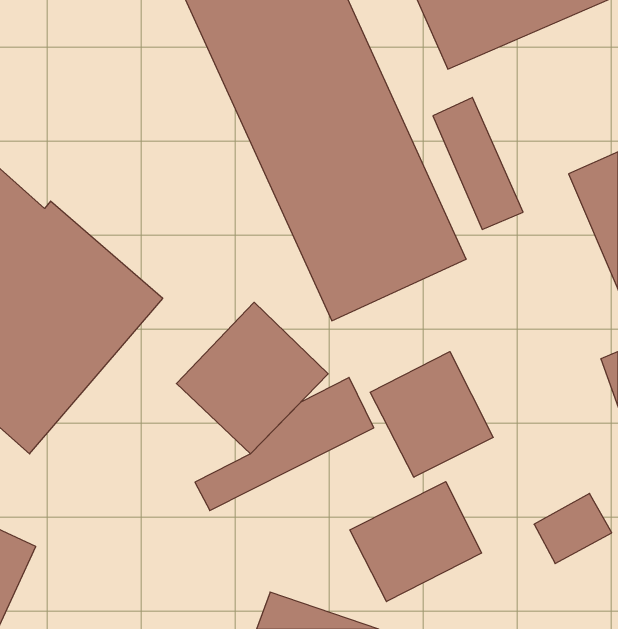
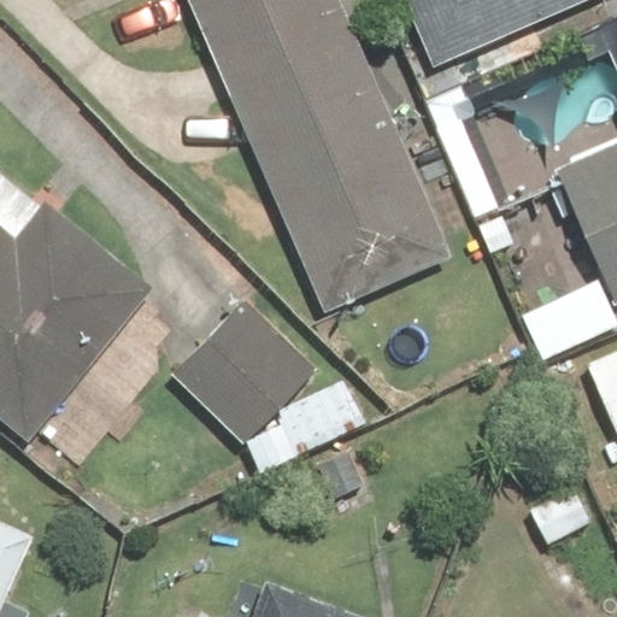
building: [370,352,493,477] -> none
building: [350,482,482,602] -> none

